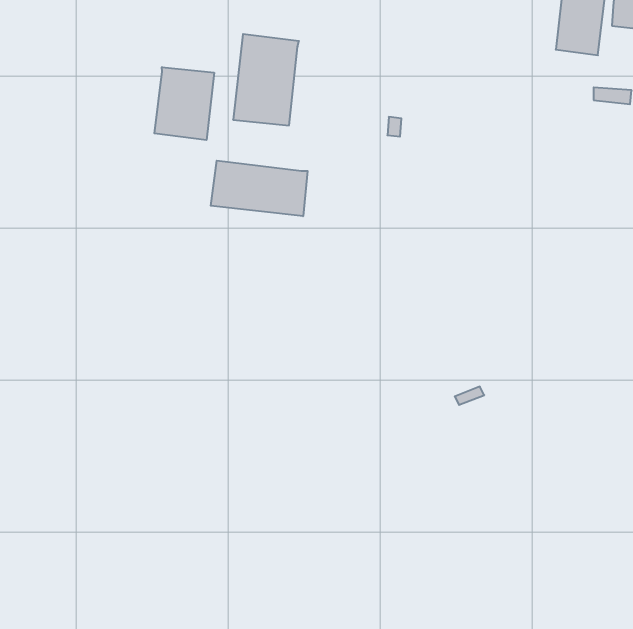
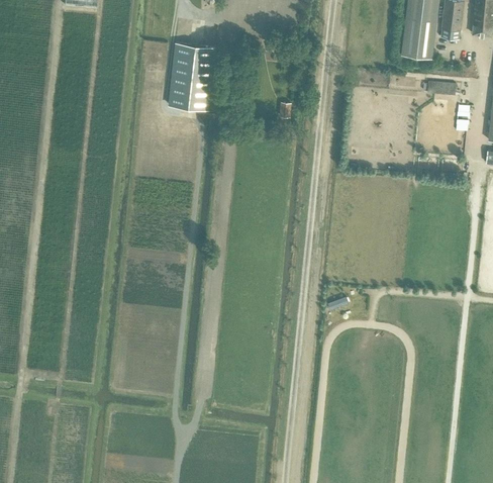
building: [154,67,214,140] -> none
building: [211,161,308,216] -> none

